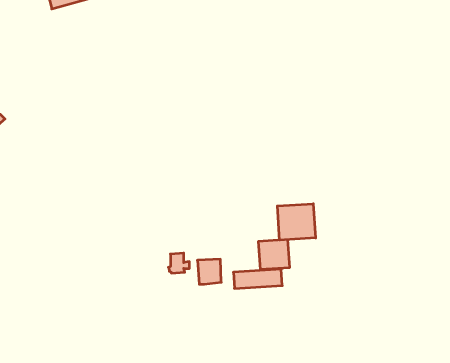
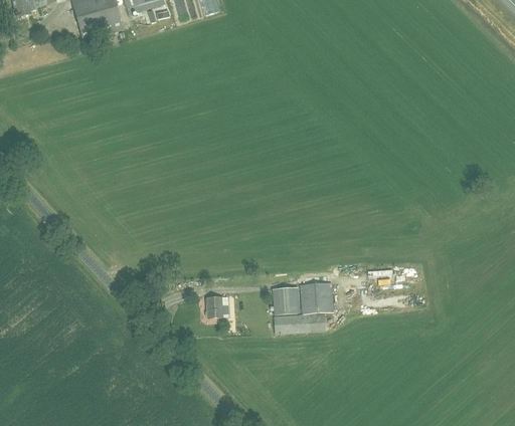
building: [277,204,316,240] -> none
building: [197,259,221,284] -> [272,286,297,312]

